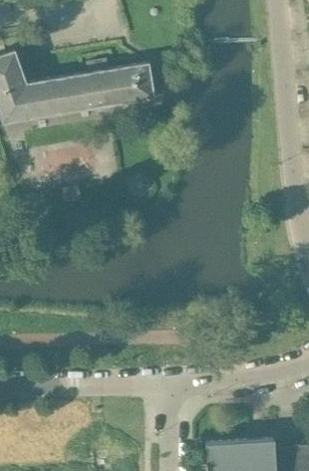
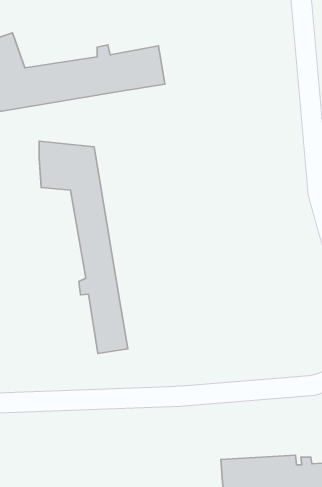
building: none -> [39,141,128,353]

